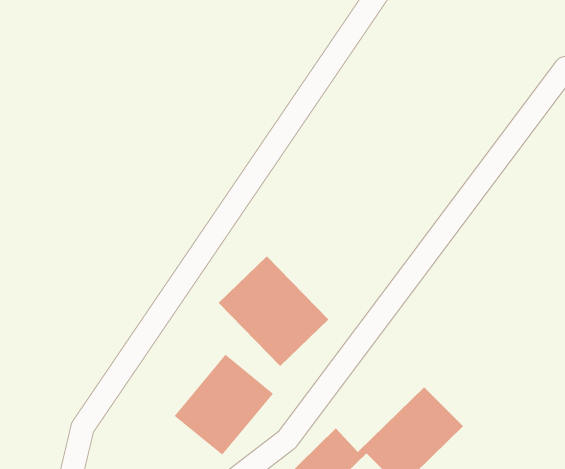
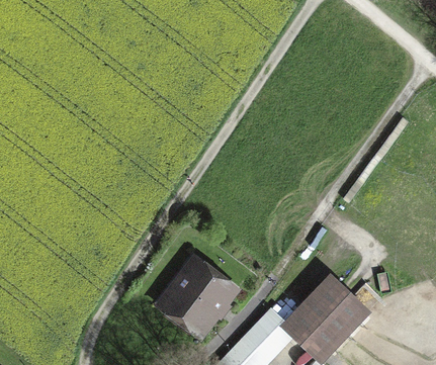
building: [218,256,329,367] -> none

